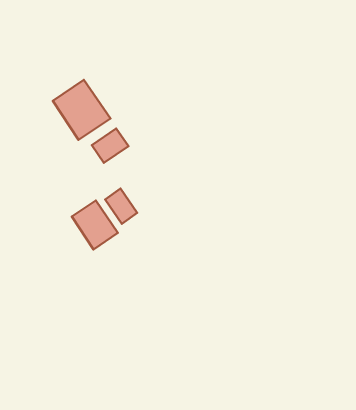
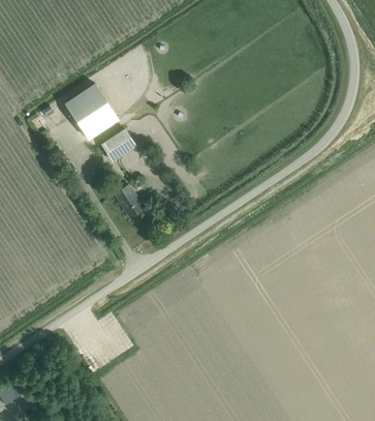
building: [72,201,118,249] -> none

